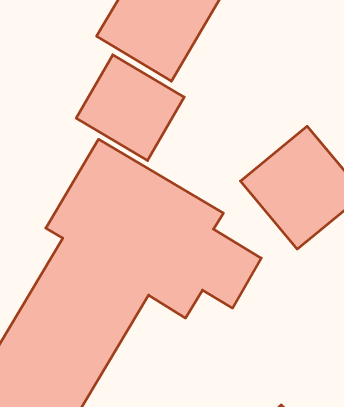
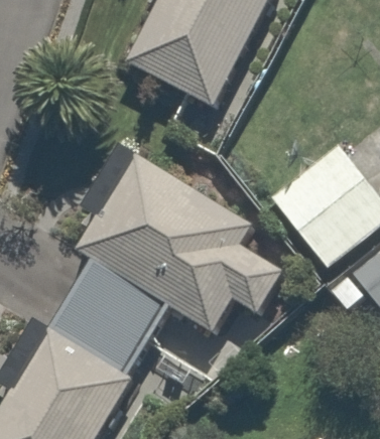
building: [76,55,184,161] -> none

